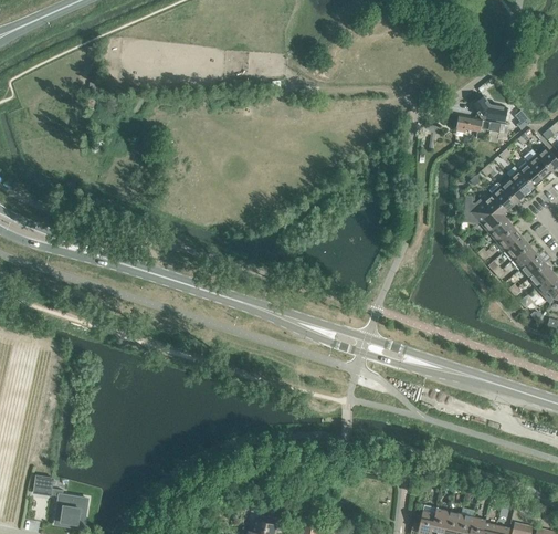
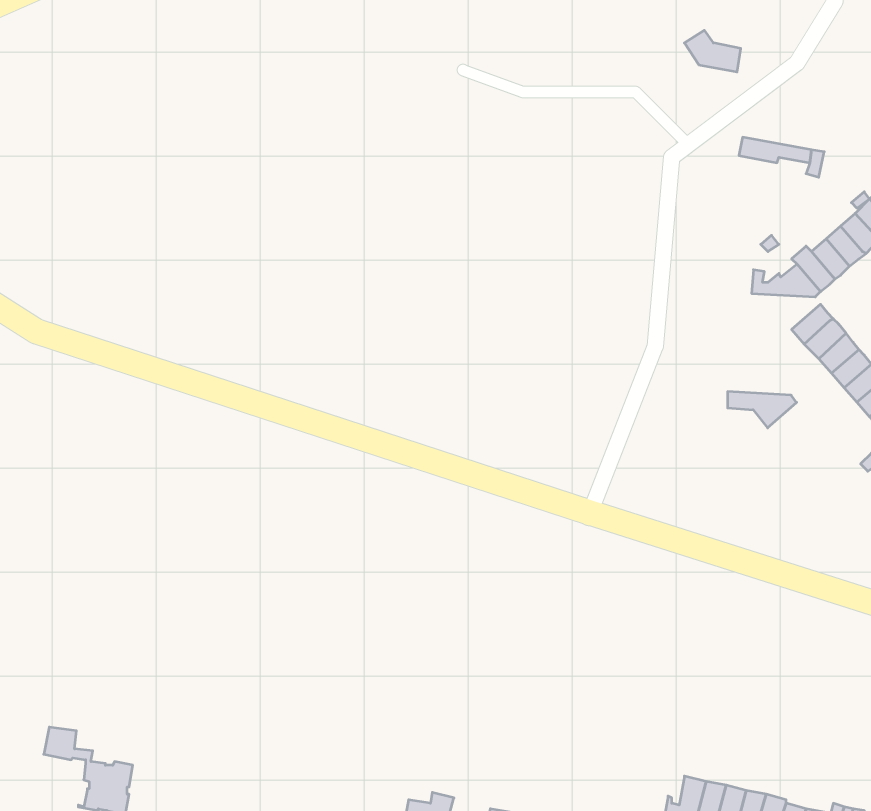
building: [472,96,506,122] -> [684,30,741,72]
building: [464,211,506,233] -> [728,392,797,428]

